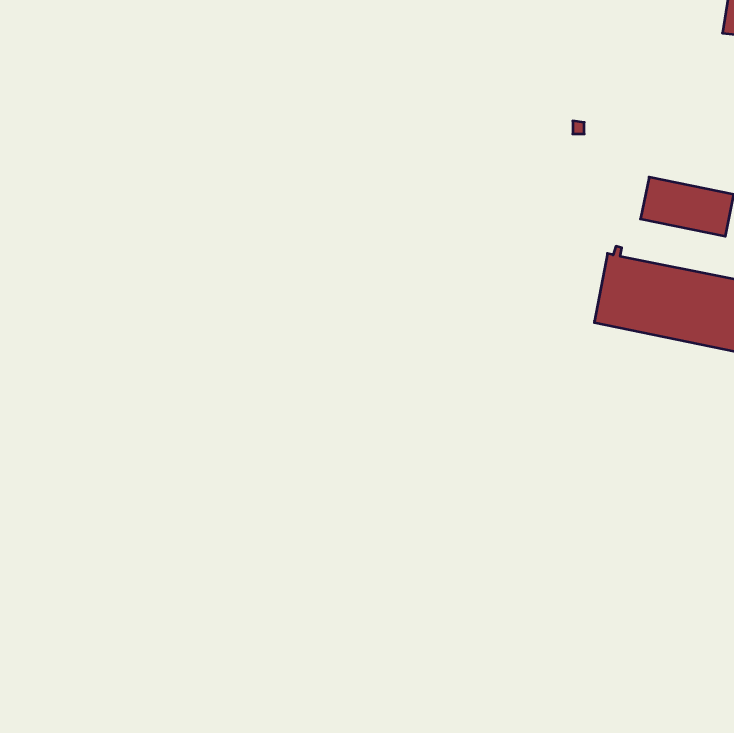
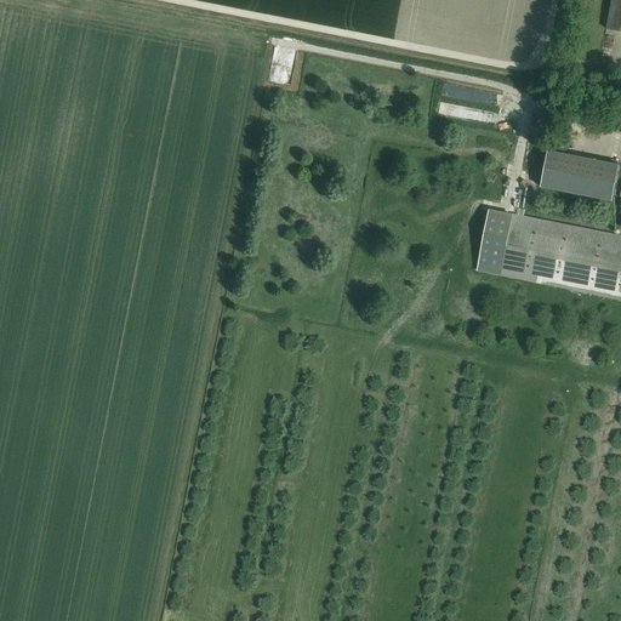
building: none -> [474,209,513,270]

